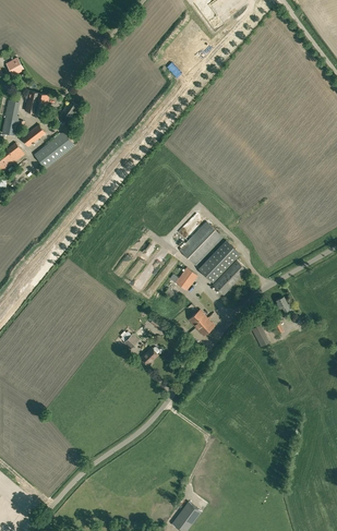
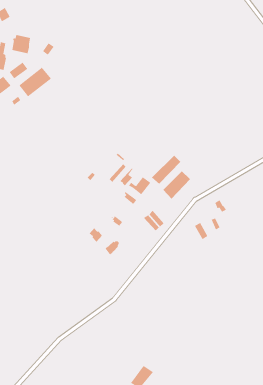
building: [179,220,222,265] -> none

